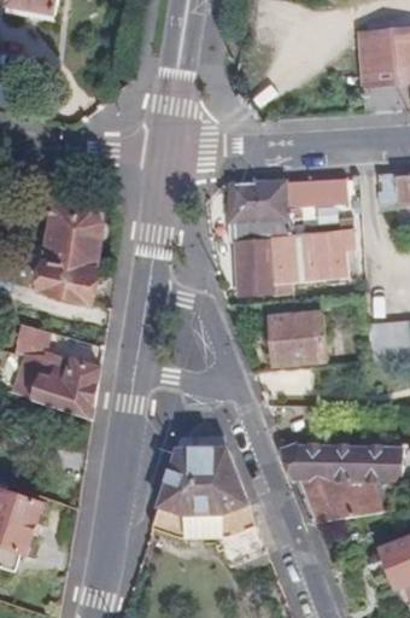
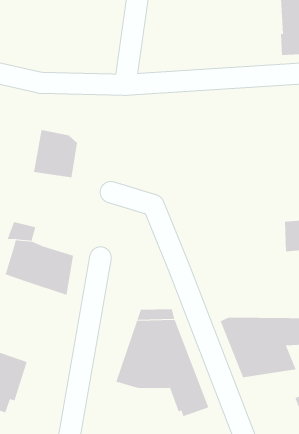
building: [224,175,351,293] -> none
building: [41,261,95,301] -> none
building: [268,314,323,363] -> none

